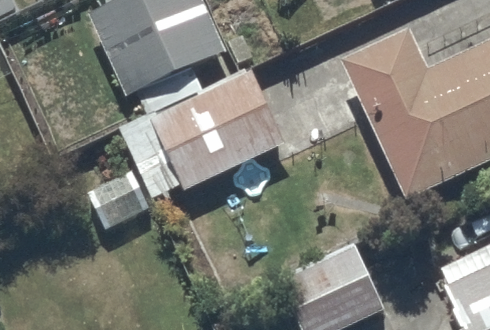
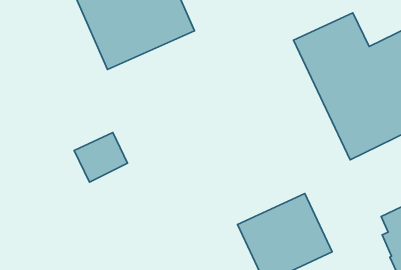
building: [121,69,286,195] -> none

